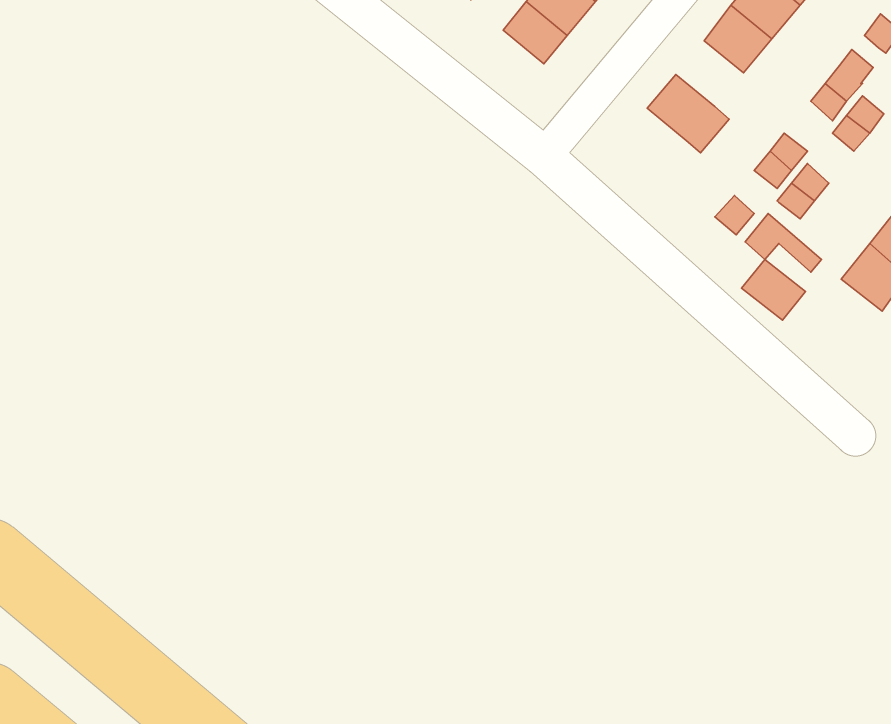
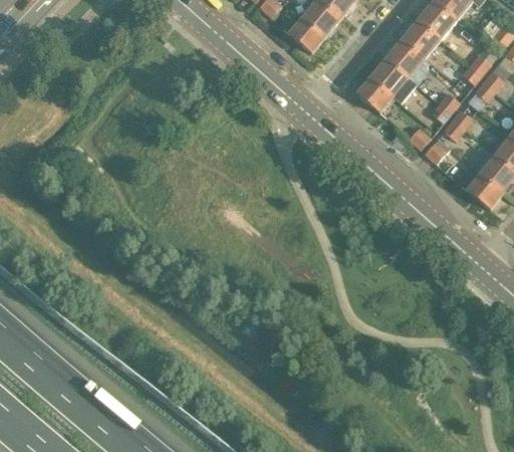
building: none -> [387,38,425,75]
building: none -> [357,76,394,110]
building: [742,260,806,320] -> [467,173,503,207]

